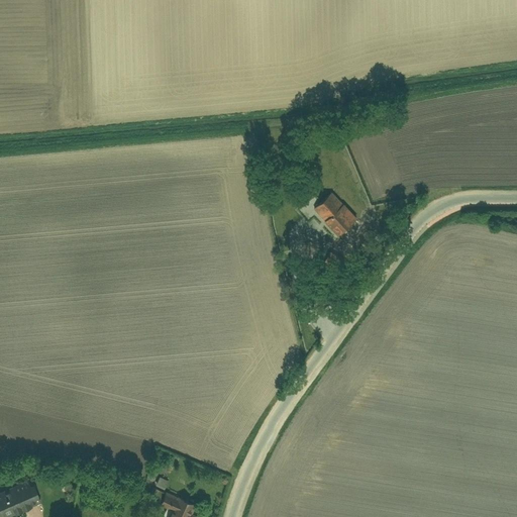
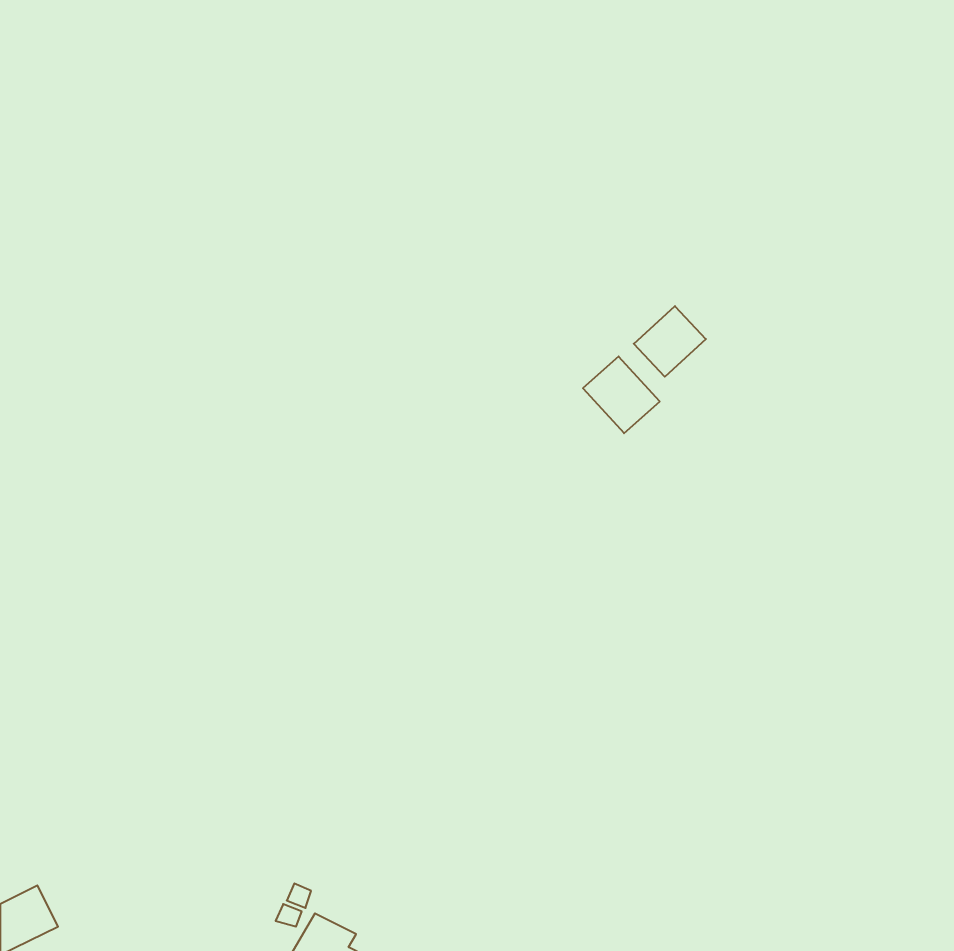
building: none -> [634,306,706,377]

